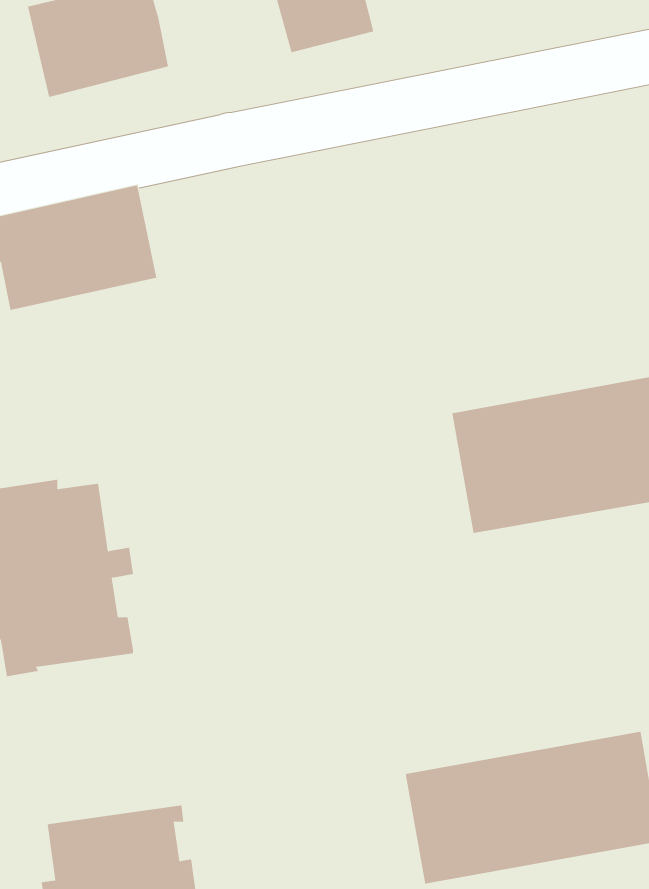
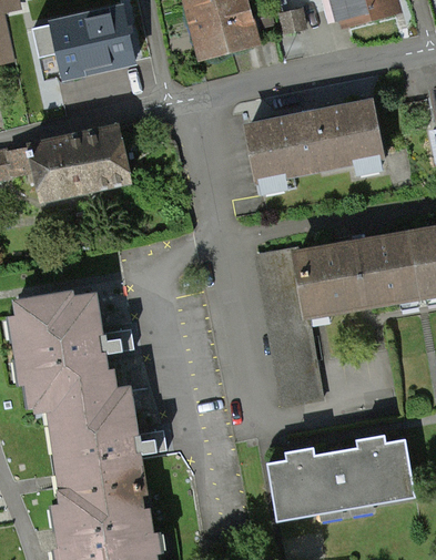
building: none -> [250,104,391,180]
building: none -> [258,255,318,404]
building: none -> [55,388,146,489]

